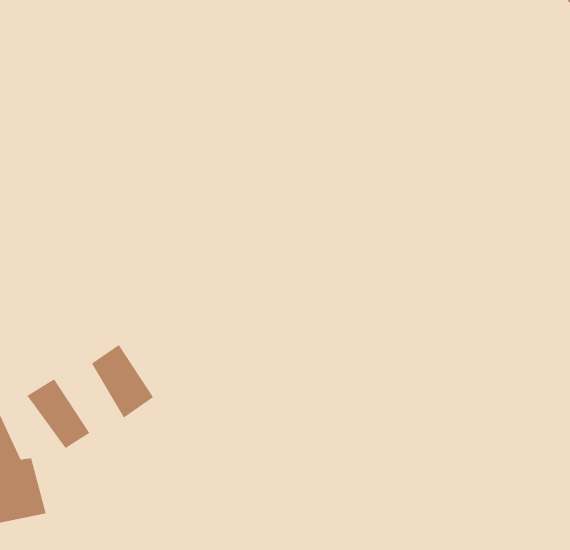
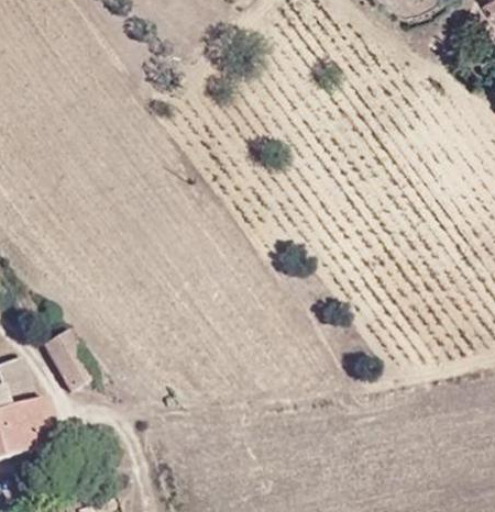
building: [91,344,154,418] -> none

